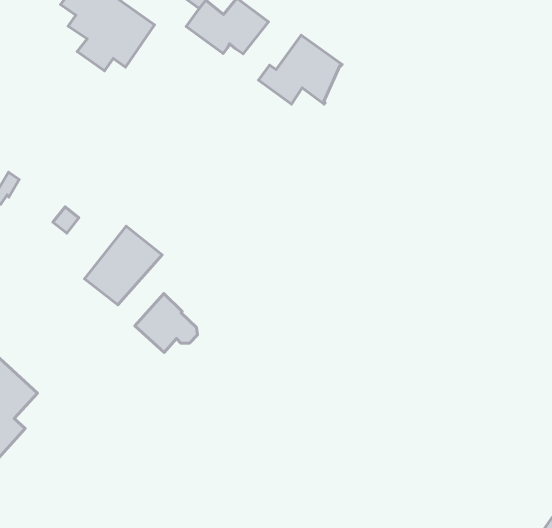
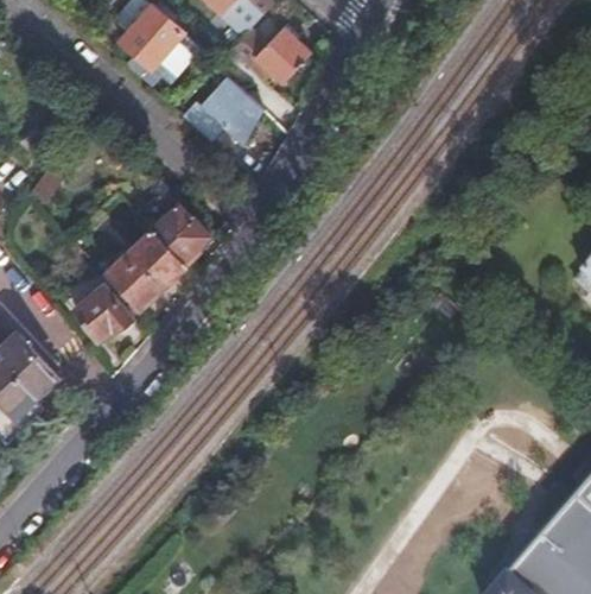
building: [259,35,342,104] -> [184,76,265,144]
building: none -> [153,209,208,264]
building: [135,294,197,352] -> [72,283,131,339]

